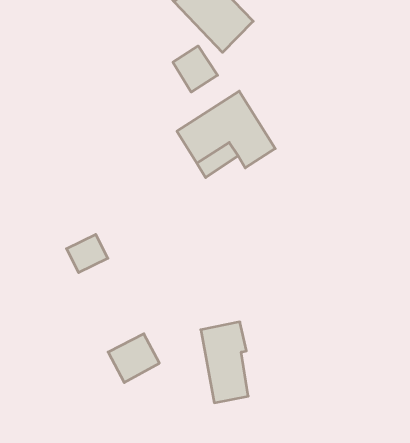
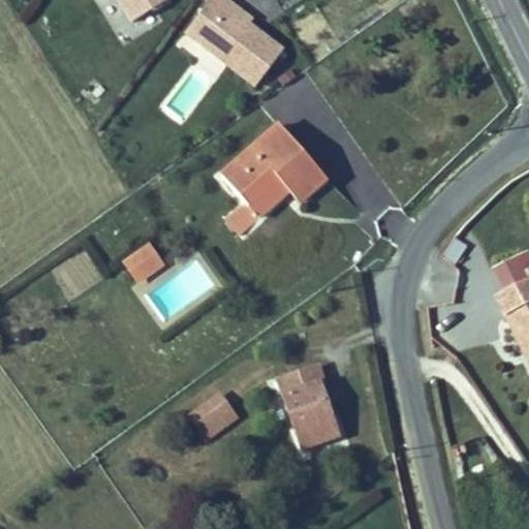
building: [173,46,218,92] -> none
building: [66,234,108,273] -> [121,241,165,283]

